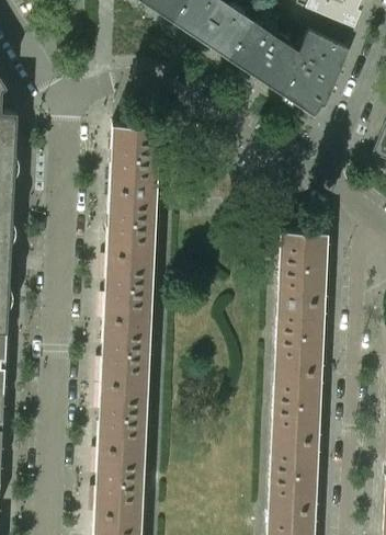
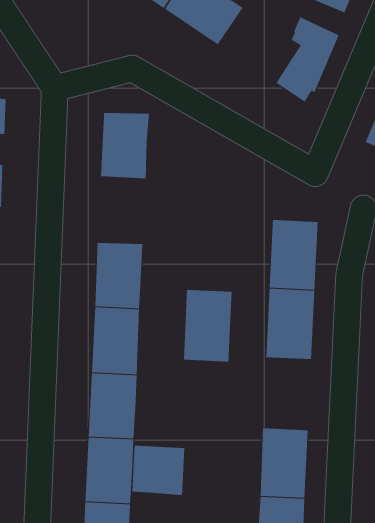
building: [228,21,309,95] -> none
building: [107,189,157,255] -> none
building: [272,368,321,441] -> [183,289,233,362]
building: none -> [132,445,185,496]

